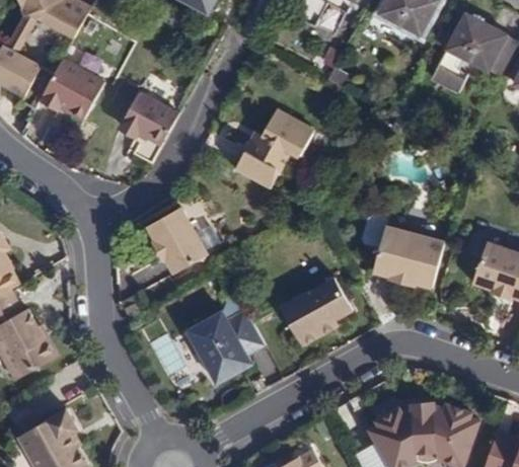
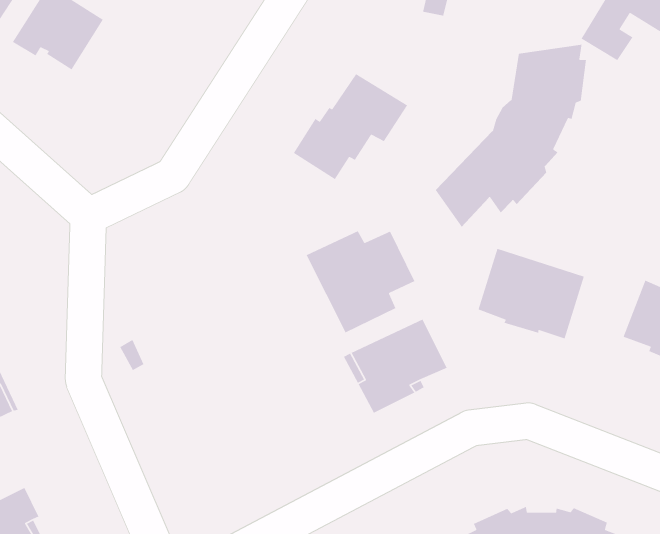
building: none -> [435,44,587,228]
building: [119,93,177,147] -> none
building: [148,207,207,271] -> none
building: [187,309,264,382] -> [306,230,415,333]

